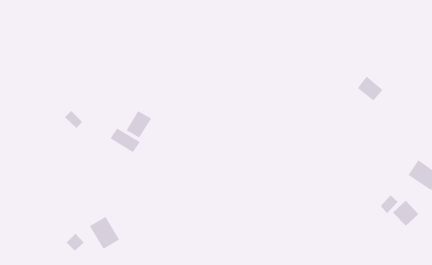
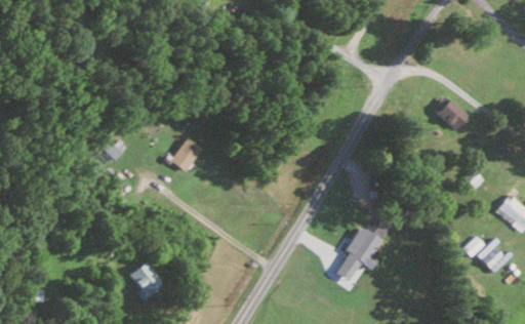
building: [109,127,141,153] -> none
building: none -> [336,226,382,281]

